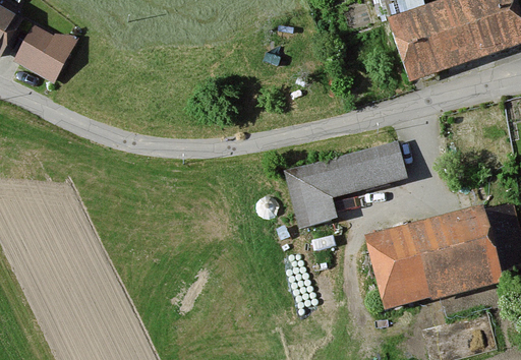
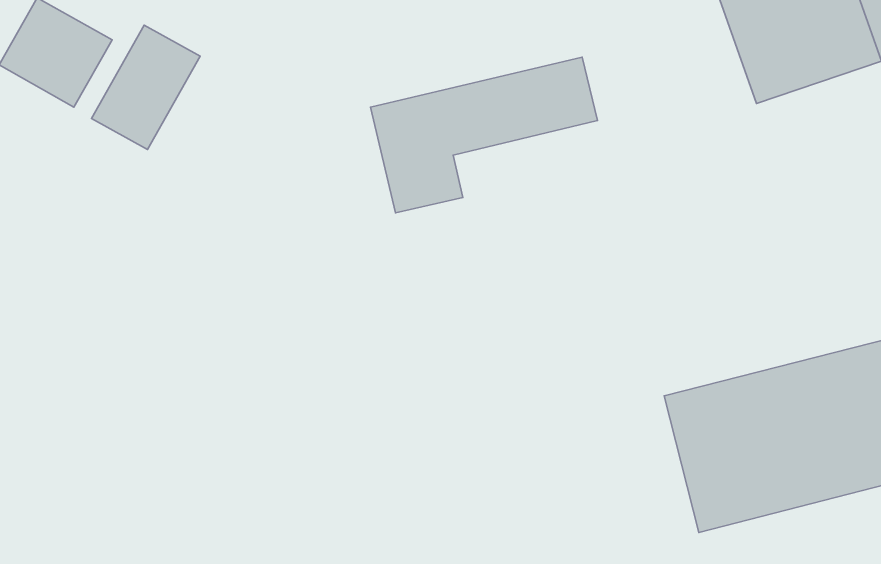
building: none -> [91,25,200,150]
building: [283,141,403,224] -> [371,57,597,213]

